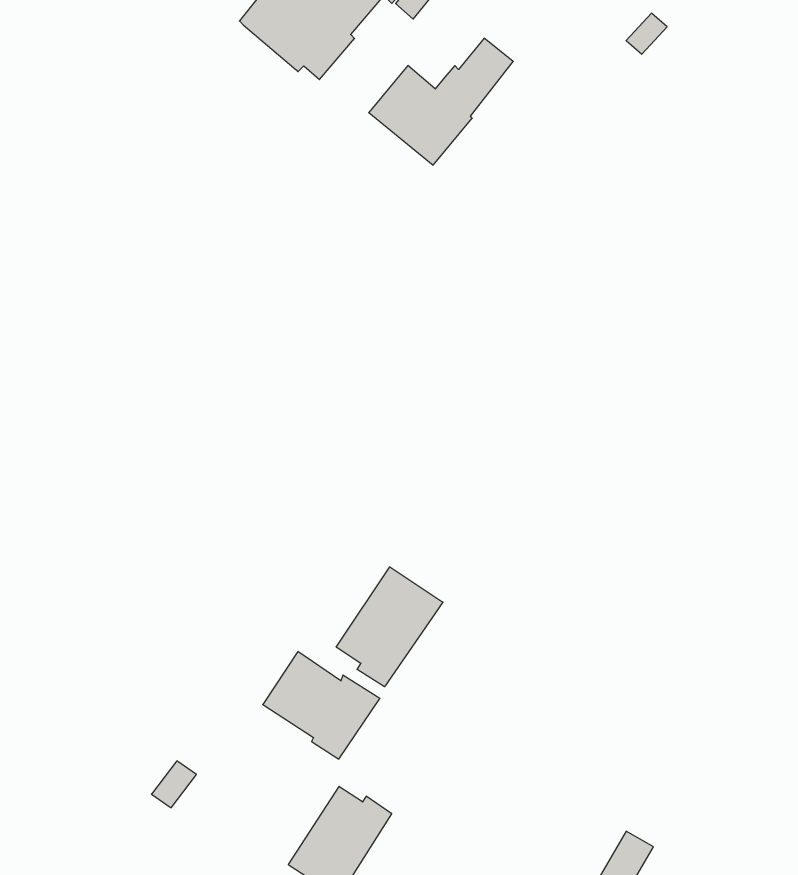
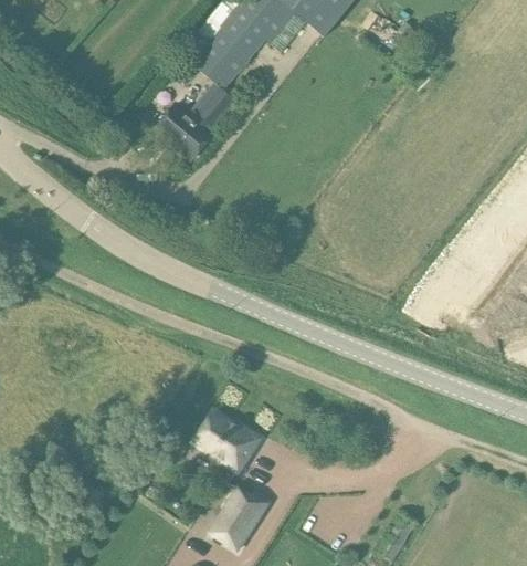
building: [369,38,513,165] -> [156,84,238,156]
building: [336,567,443,687] -> none

